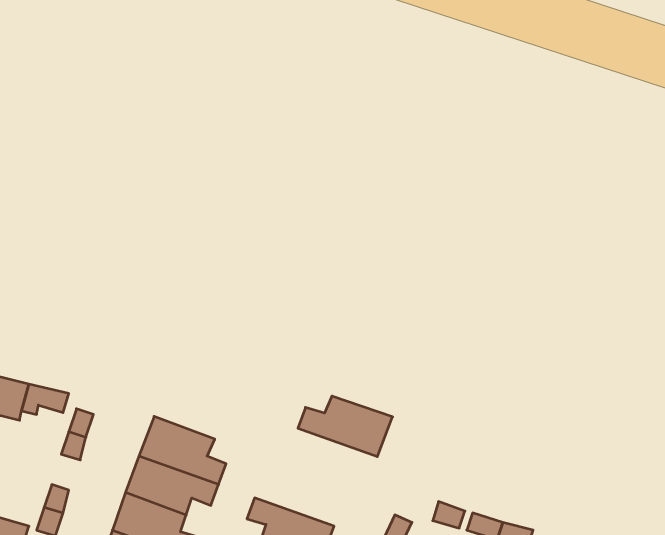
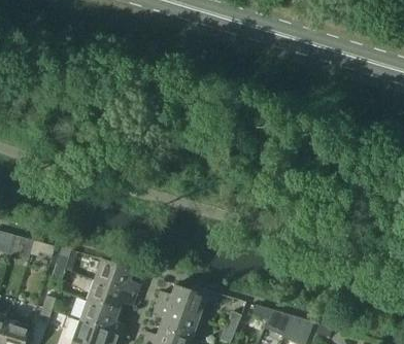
building: [298,396,393,457] -> [156,284,207,317]

